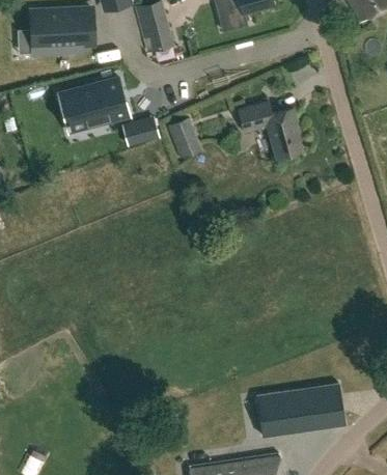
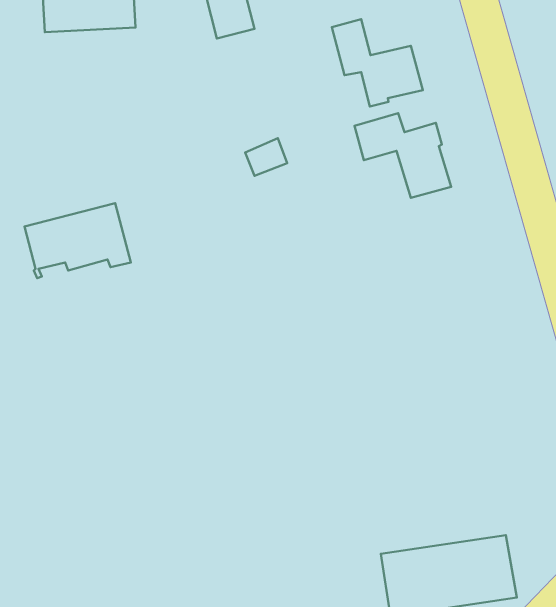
building: none -> [332,19,423,107]
building: [58,79,129,129] -> [25,203,131,278]
building: [123,119,155,145] -> none

